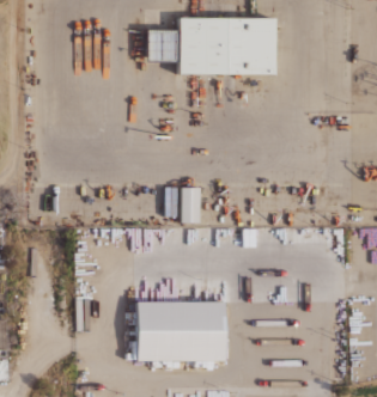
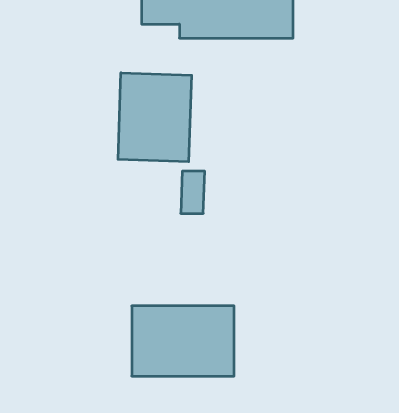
building: none -> [118,73,192,162]

